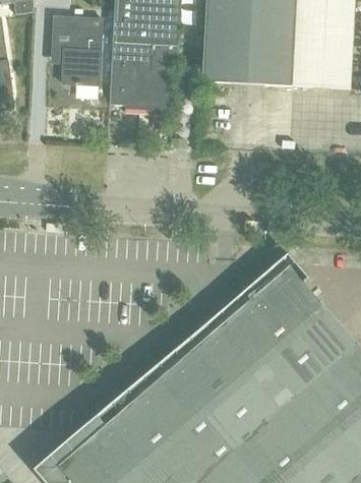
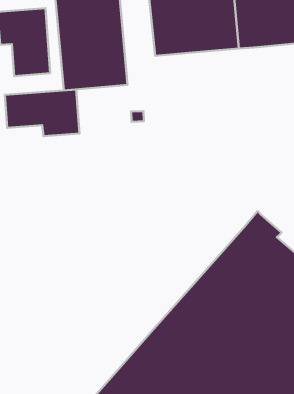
building: none -> [5,90,80,136]

